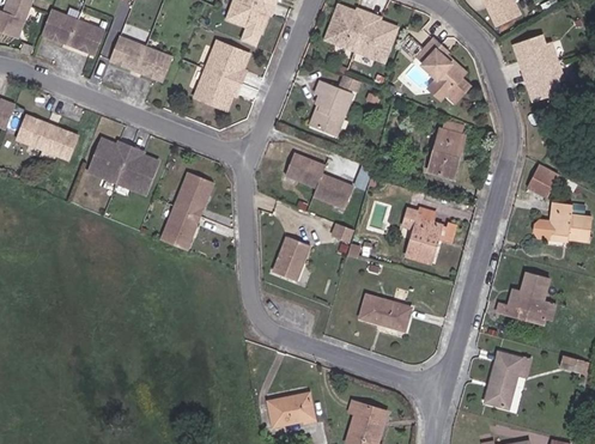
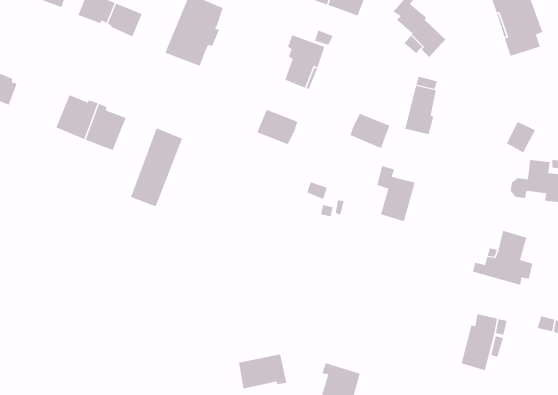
building: [42,126,77,159] -> none
building: [312,172,352,207] -> [350,113,390,149]
building: [272,236,309,280] -> none
building: [358,294,409,329] -> none

